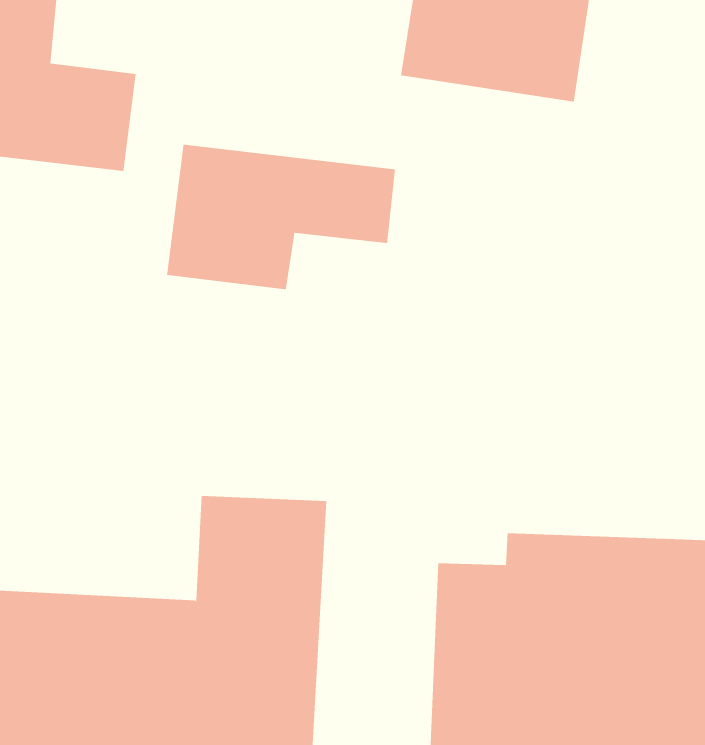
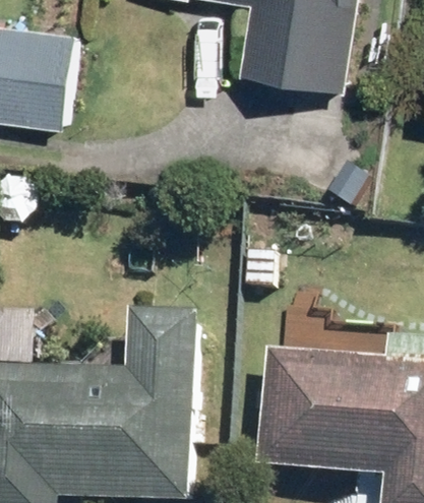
building: [167,144,395,290] -> none

